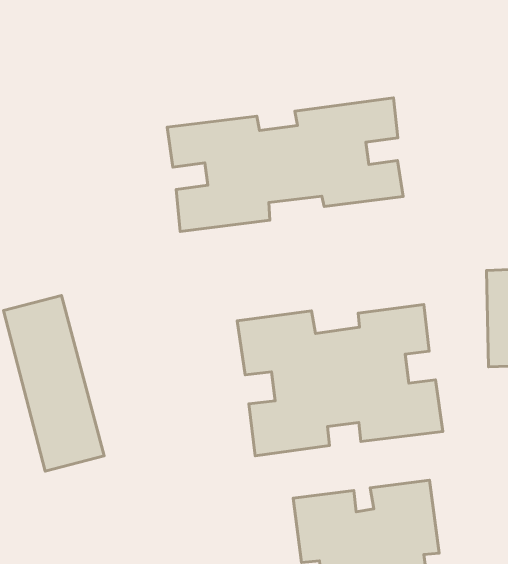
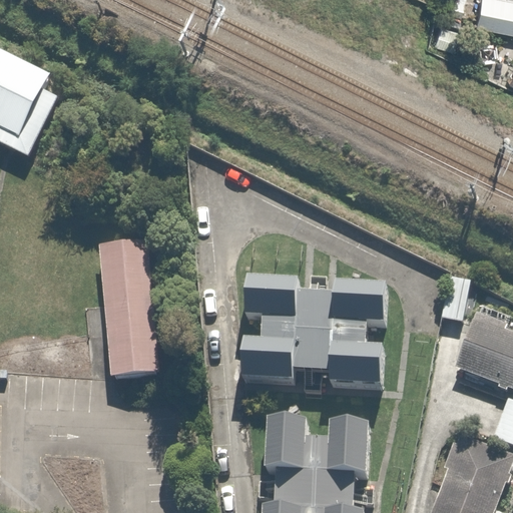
building: [167,98,403,231] -> none

